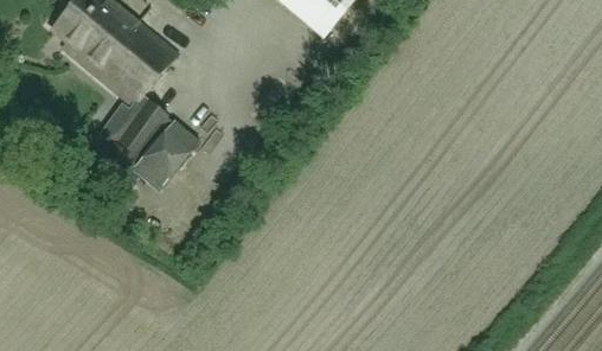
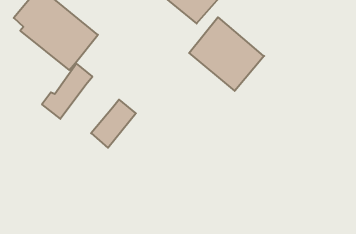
building: none -> [189,17,264,91]
building: [133,119,199,190] -> [91,100,136,148]

